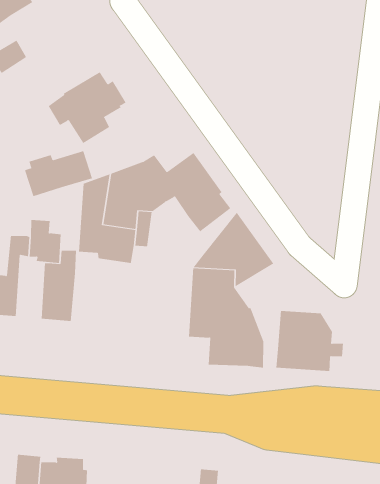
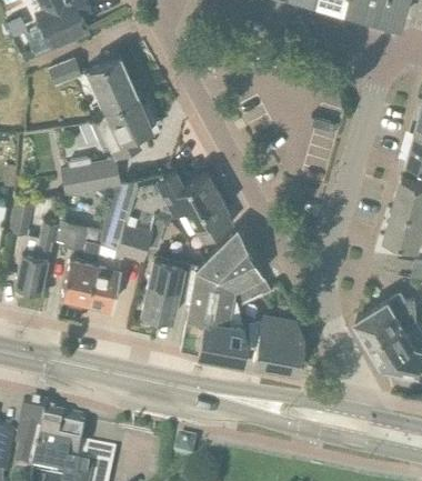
building: none -> [86,57,137,110]
building: none -> [140,261,182,321]
building: none -> [227,275,270,310]
building: none -> [86,262,118,308]

